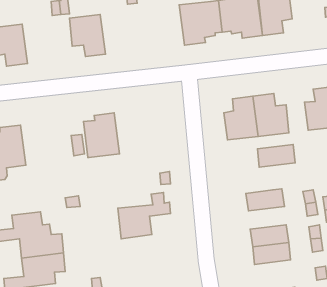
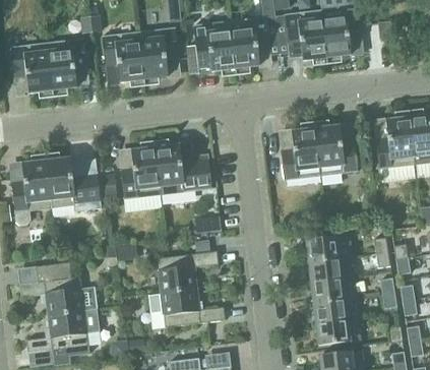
building: none -> [185,22,235,74]
building: none -> [137,29,177,79]
building: none -> [47,40,87,90]
building: none -> [153,144,211,195]
building: none -> [46,159,101,211]
building: [257,144,295,167] -> [309,256,353,283]
building: none -> [148,289,226,327]
building: none -> [316,318,361,345]

